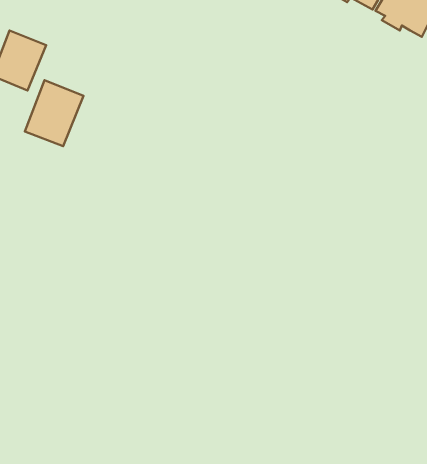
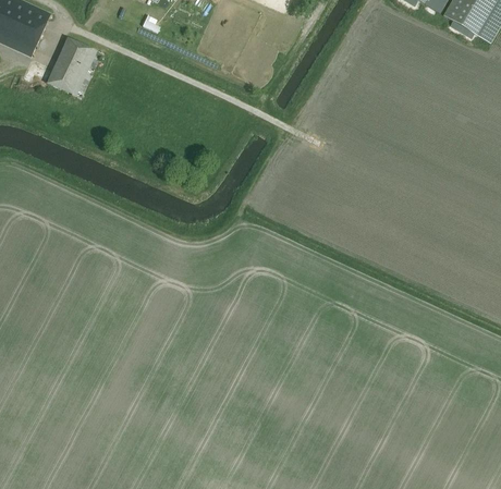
building: [25,80,84,146] -> none

